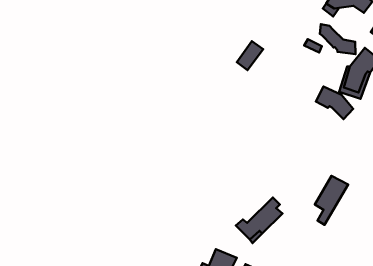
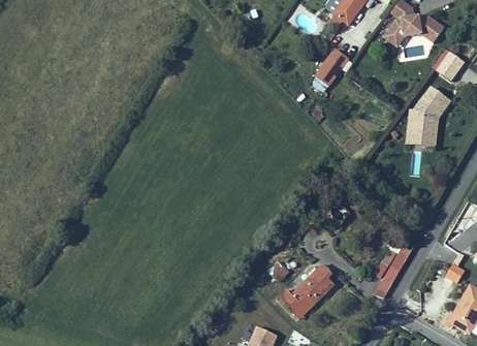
building: [320,24,355,54] -> none
building: [237,41,263,70] -> [317,50,348,84]
building: [316,87,353,119] -> none

